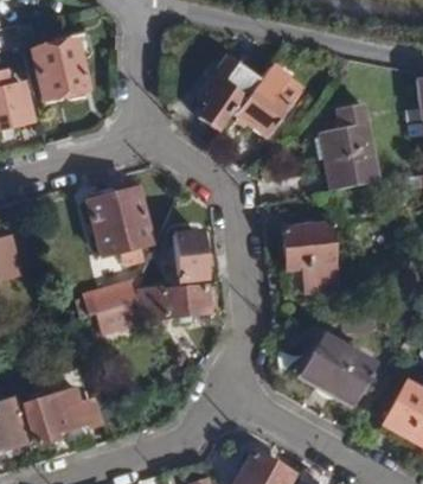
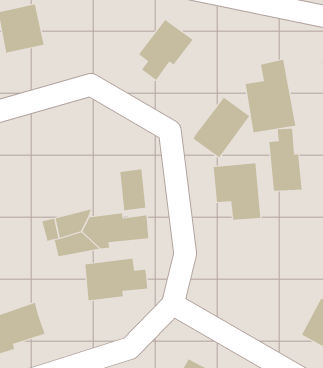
building: [235,66,301,138] -> [193,97,250,158]
building: none -> [269,128,302,192]
building: [88,184,154,255] -> none
building: none -> [85,258,148,301]
building: [300,333,373,403] -> none

